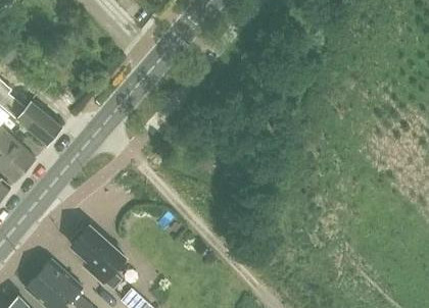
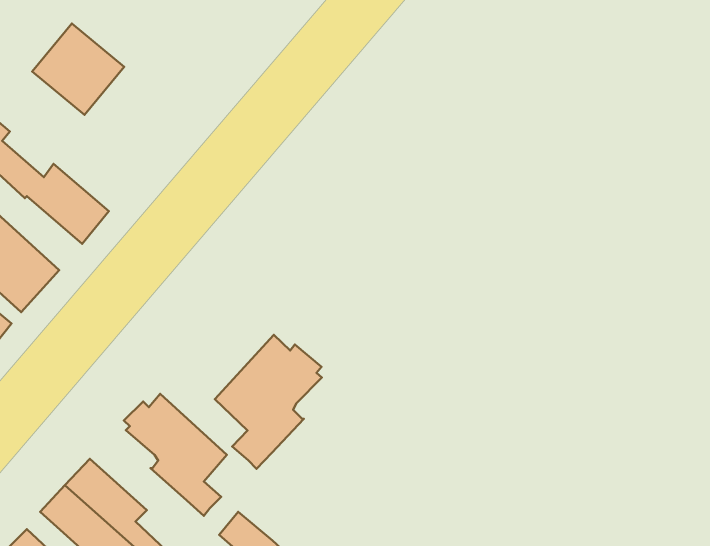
building: none -> [32,24,124,115]
building: none -> [215,335,322,469]

